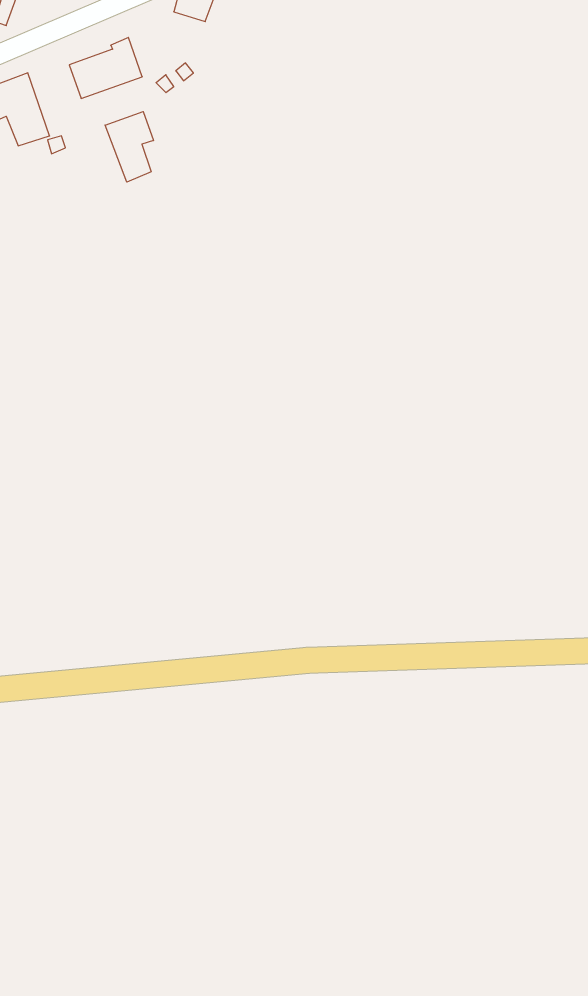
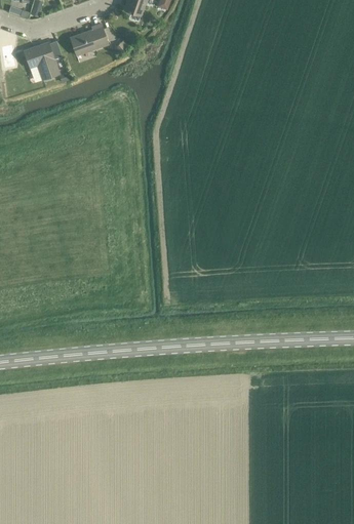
building: [105,112,153,182] -> none

